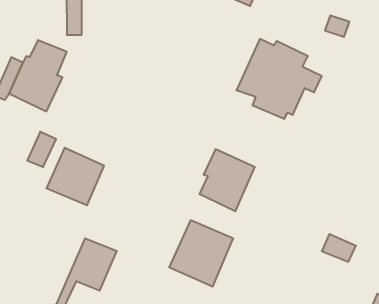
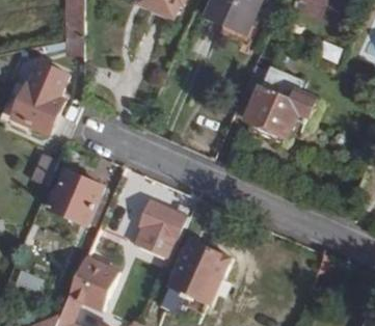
building: [199,149,255,211] -> [134,198,188,259]

